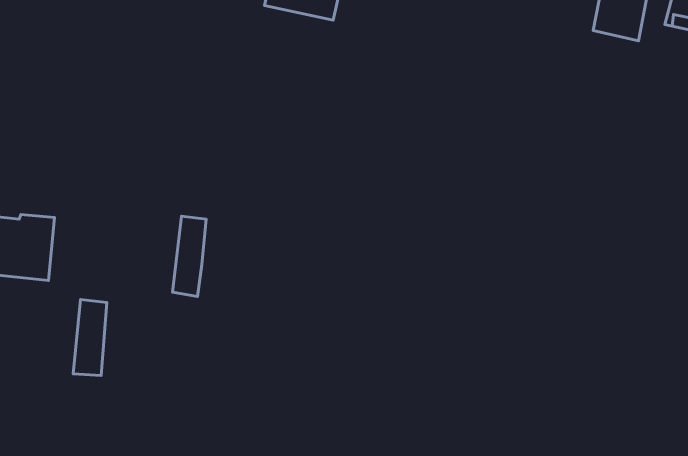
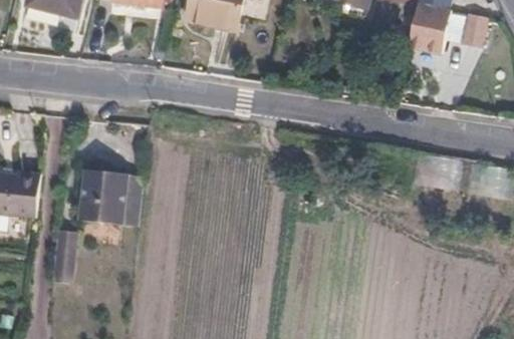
building: none -> [79,167,126,224]

